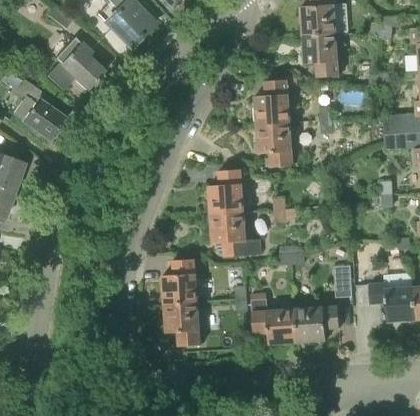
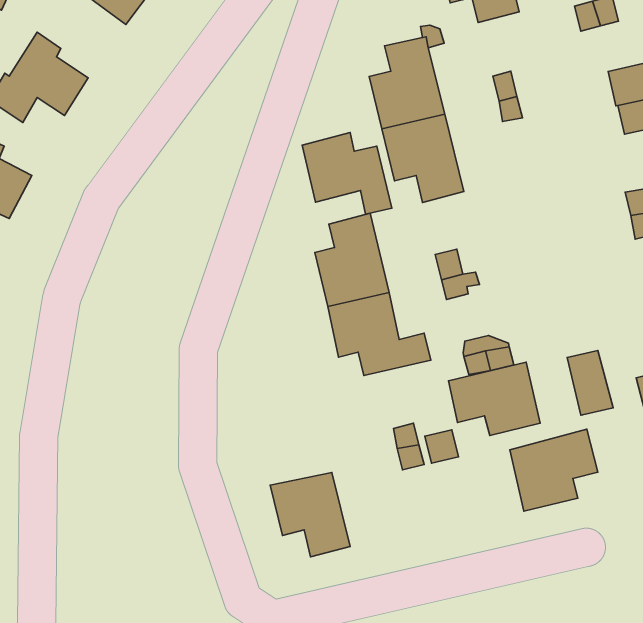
building: none -> [302,133,392,214]
building: [162,259,198,305] -> none
building: [252,308,297,344] -> [449,362,540,436]

